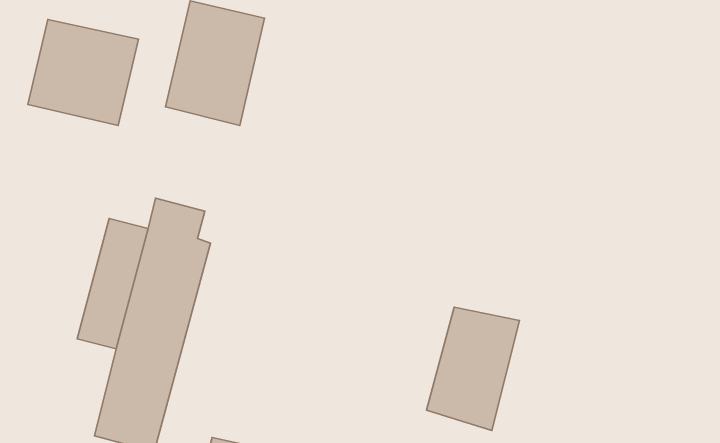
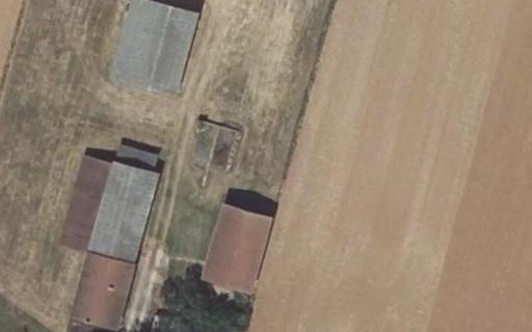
building: [28,20,138,125] -> none
building: [426,307,519,431] -> [205,203,271,292]

